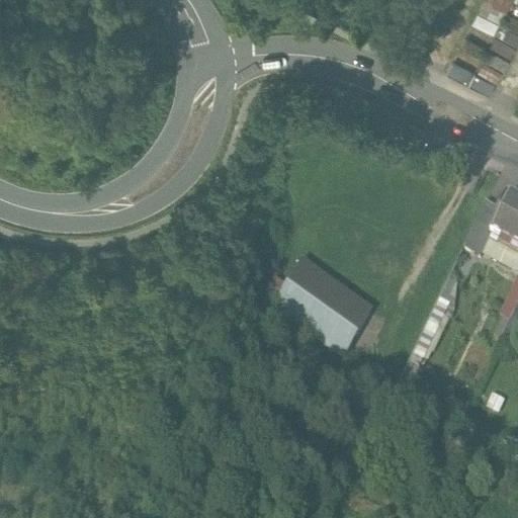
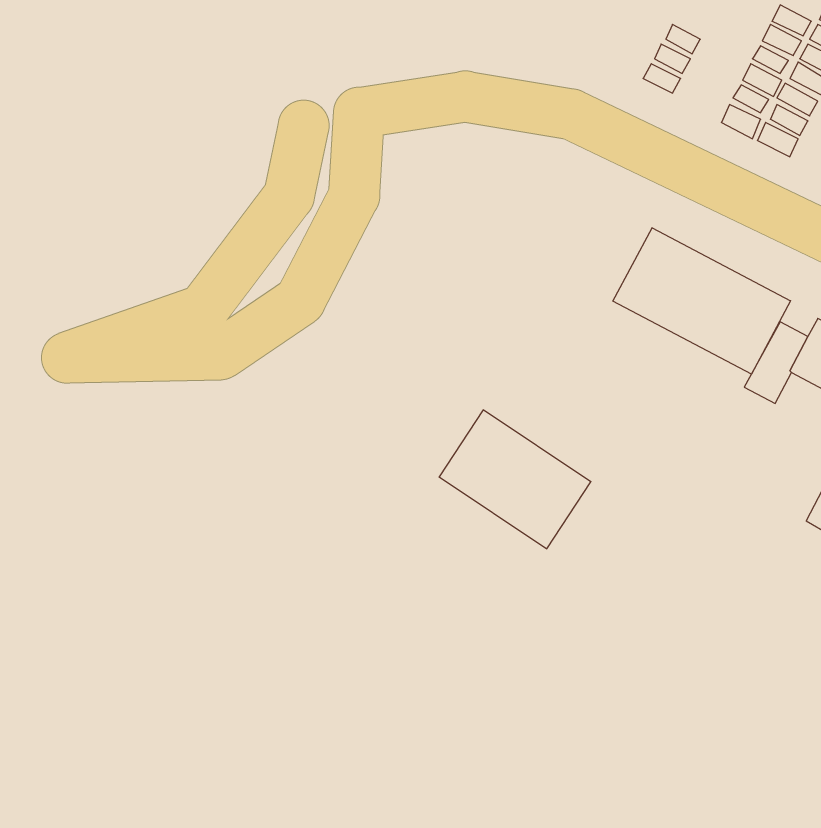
building: none -> [613,228,791,374]

